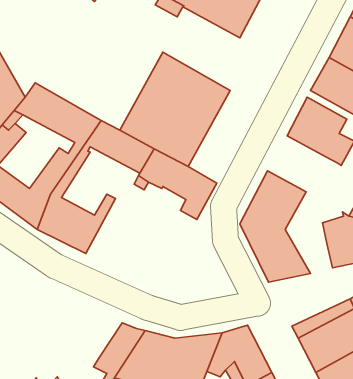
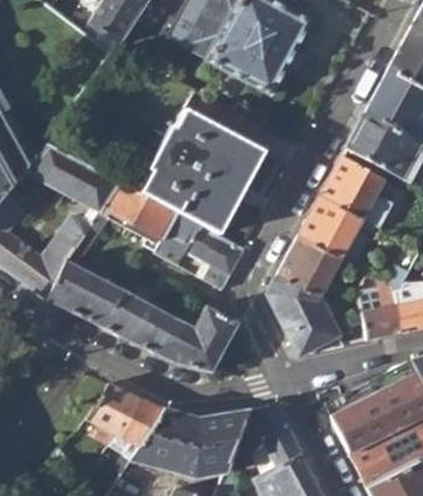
building: none -> [299,197,375,266]
building: none -> [102,259,237,371]
building: none -> [88,384,142,447]

